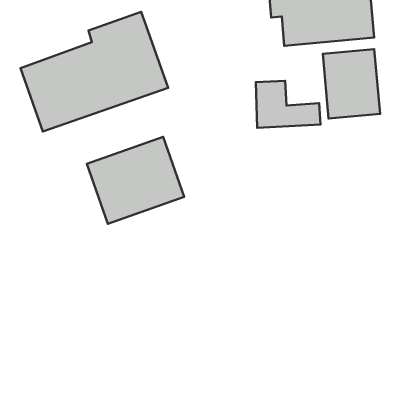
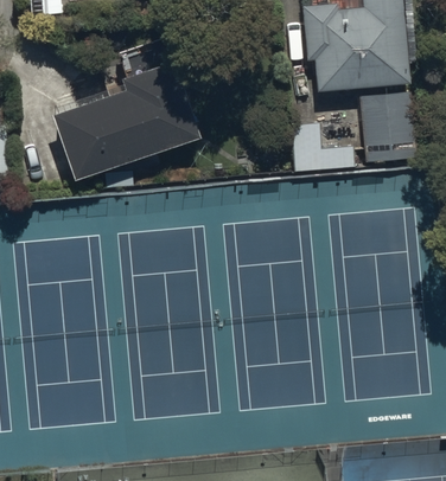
building: [87,137,184,224] -> none

